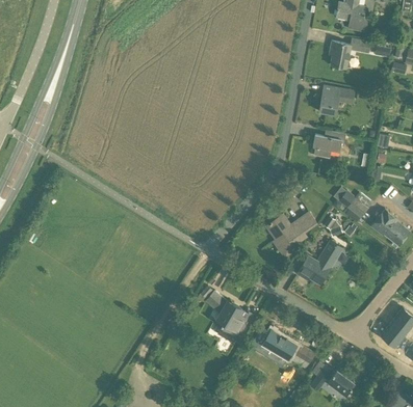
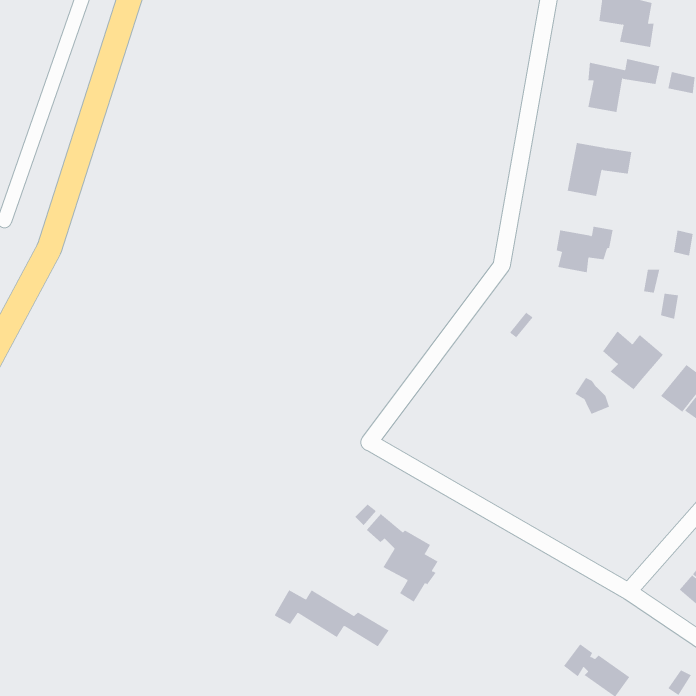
building: [266,212,316,257] -> none
building: [296,241,342,284] -> none
building: [251,330,315,362] -> [274,589,389,647]

